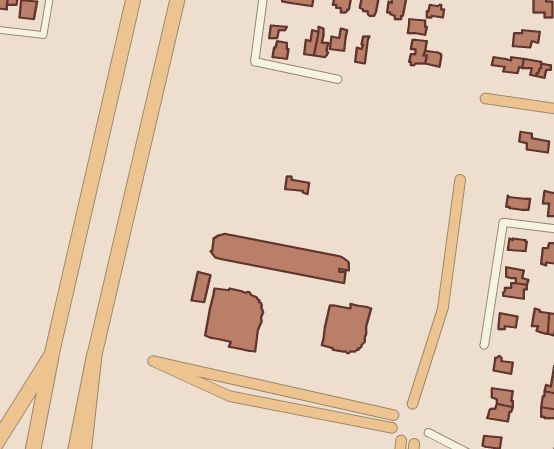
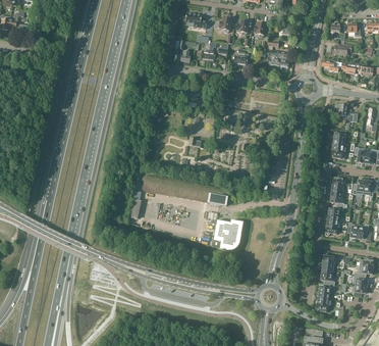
building: [205,289,263,351] -> none

